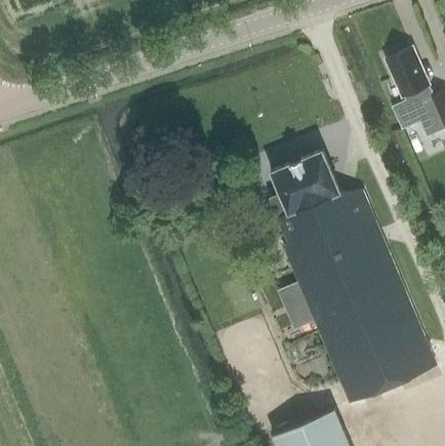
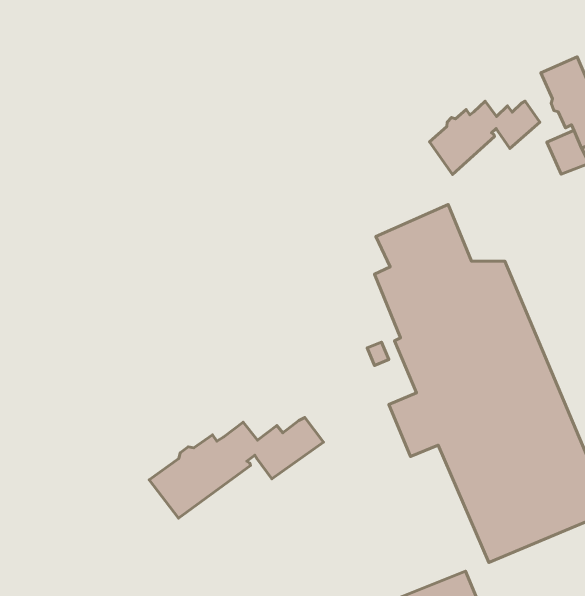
building: none -> [429,101,540,174]
building: none -> [149,418,324,518]

